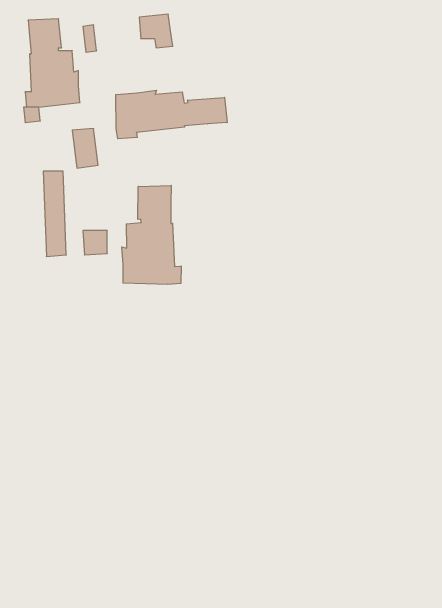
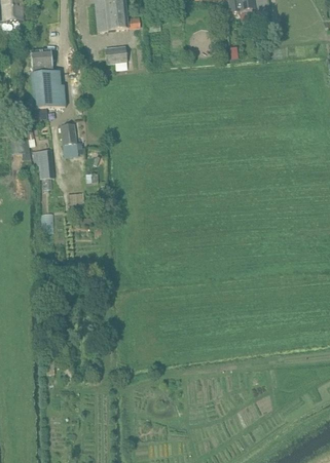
building: [116,90,227,139] -> none
building: [122,185,181,284] -> none

